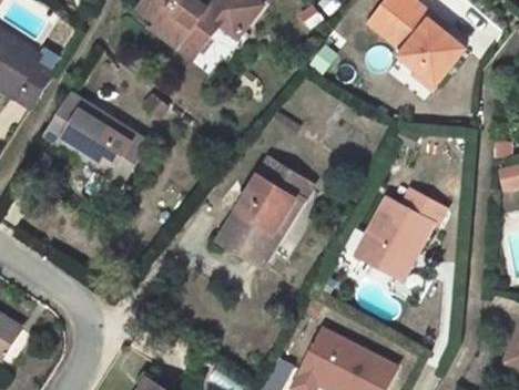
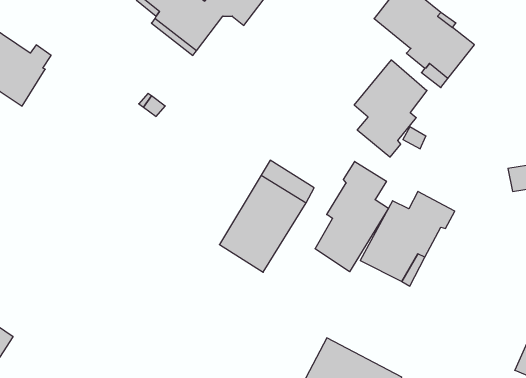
building: none -> [354,60,427,157]
building: [45,93,150,184] -> none
building: none -> [315,161,388,272]

